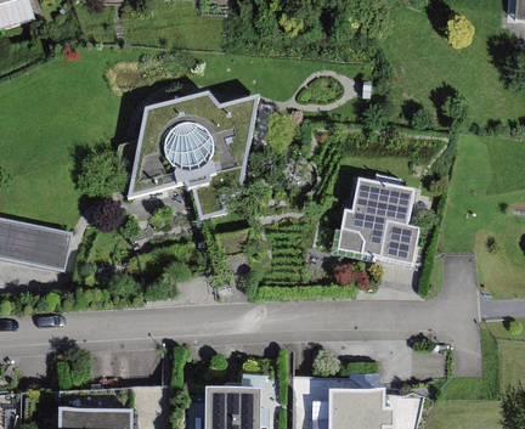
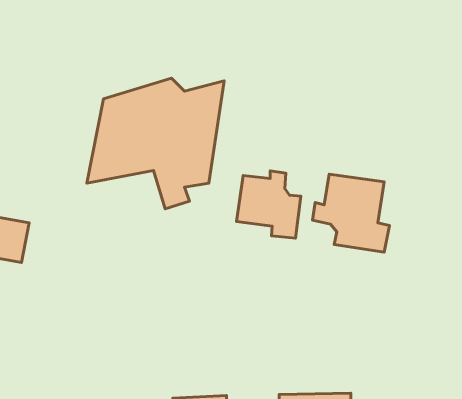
building: none -> [237,171,301,238]

